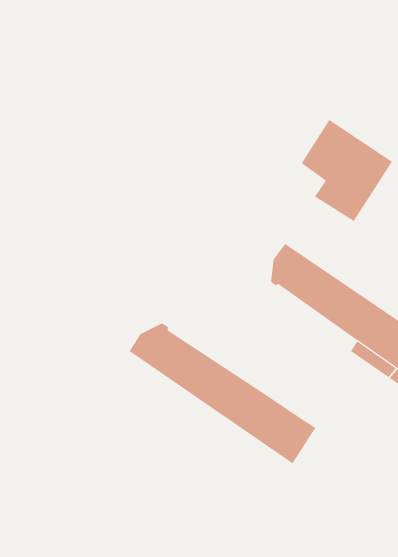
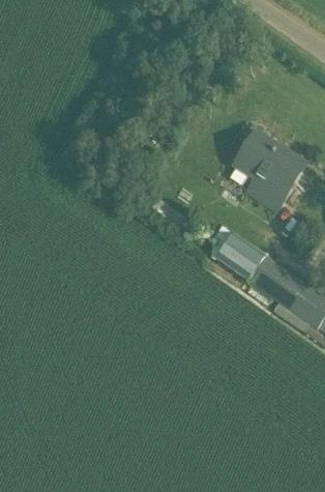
building: [129,323,316,464] -> none

